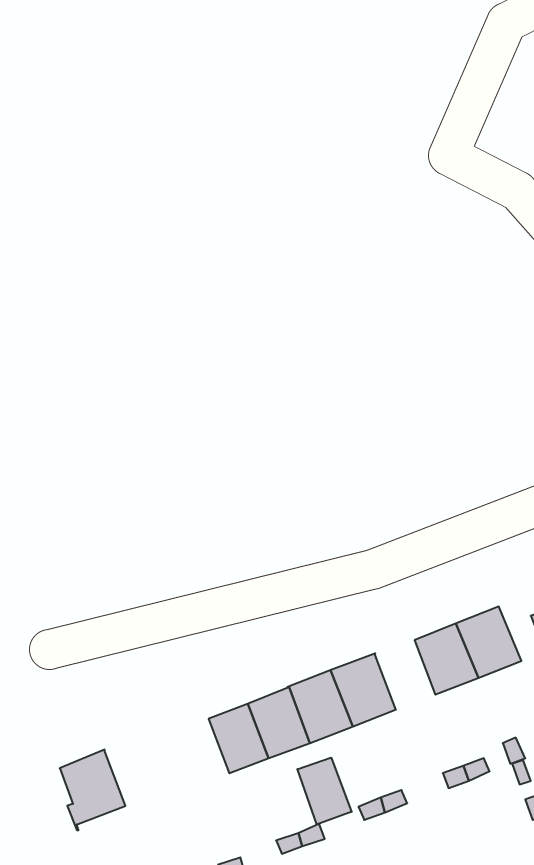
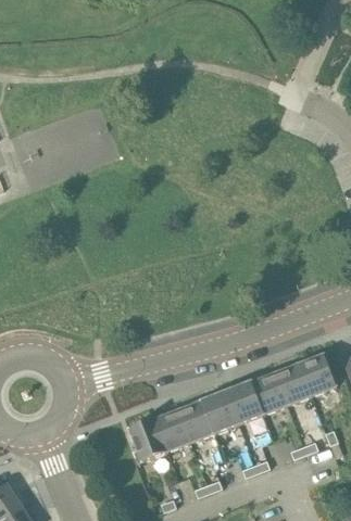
building: none -> [252,373,287,414]
building: [60,750,125,830] -> [129,418,167,465]
building: [297,758,352,825] -> none

